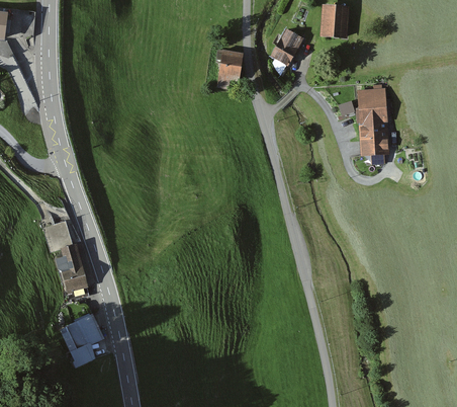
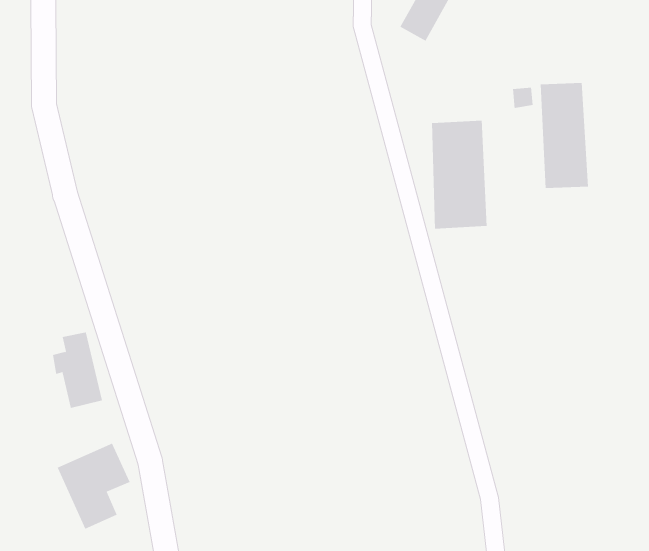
building: [217,51,244,89] -> none
building: none -> [431,120,487,229]

